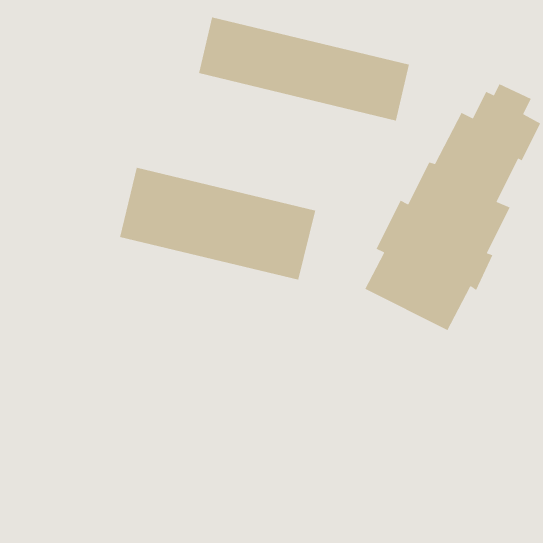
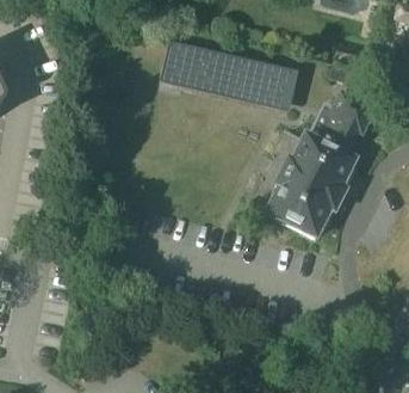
building: [119,167,316,281] -> none

